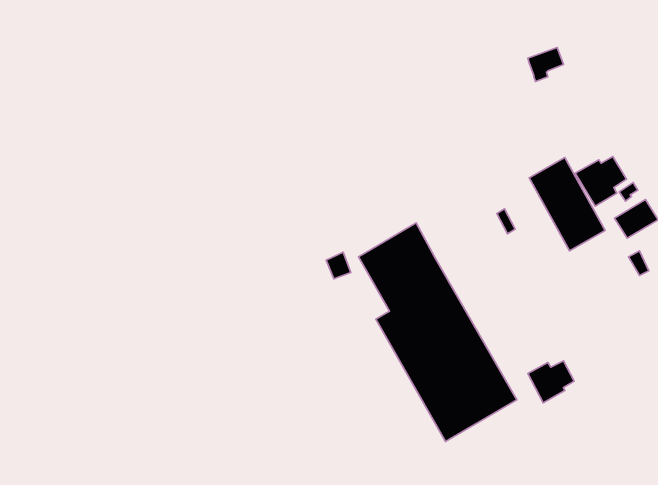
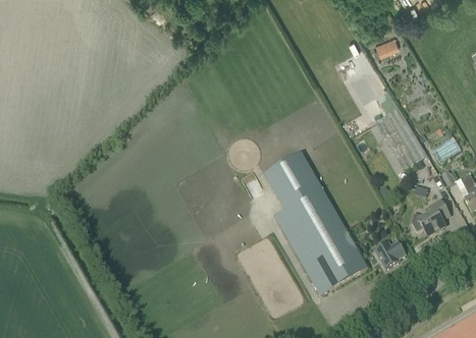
building: [575,157,627,206] -> none
building: none -> [412,201,449,236]

